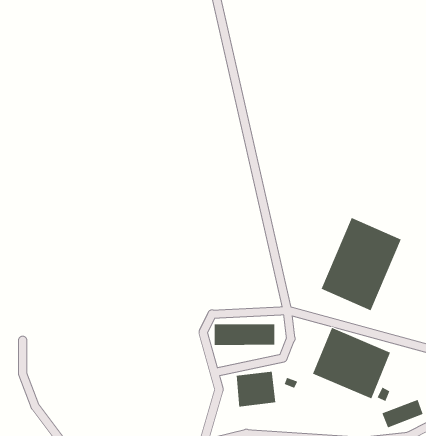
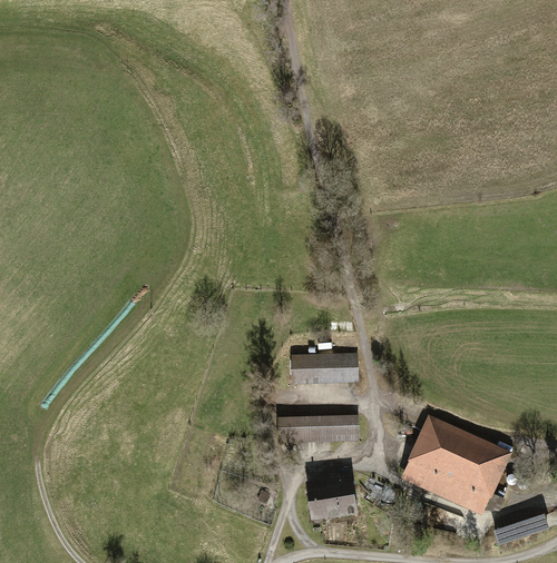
building: [321,217,402,311] -> none
building: none -> [291,354,361,382]

